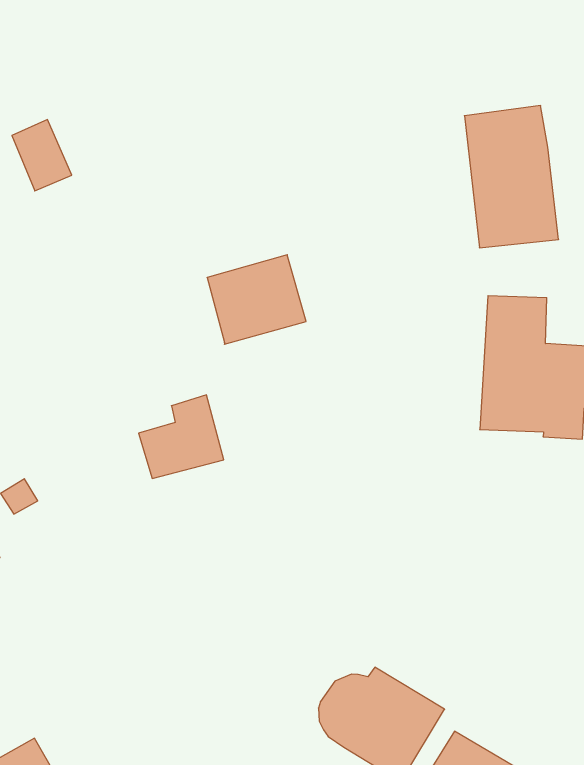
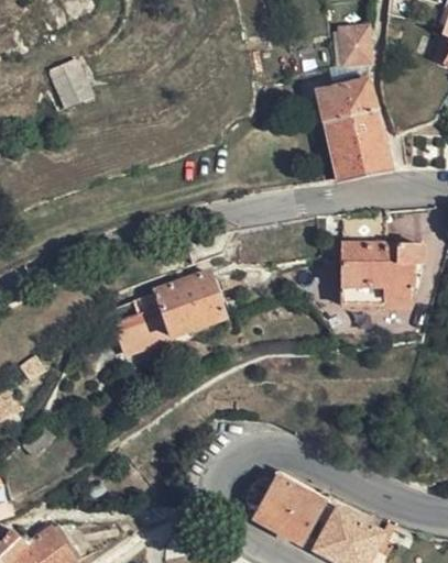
building: none -> [334,24,372,67]
building: [12,120,72,191] -> [50,59,91,108]
building: [207,255,306,344] -> [157,275,226,338]

